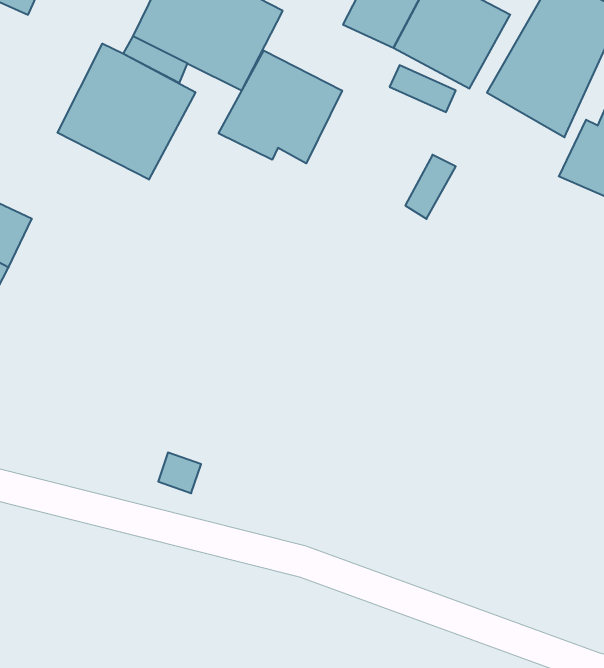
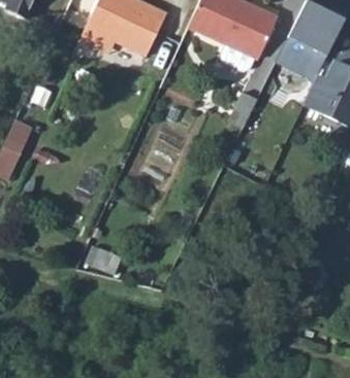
building: [57,44,195,180] -> none
building: [219,50,342,163] -> none

